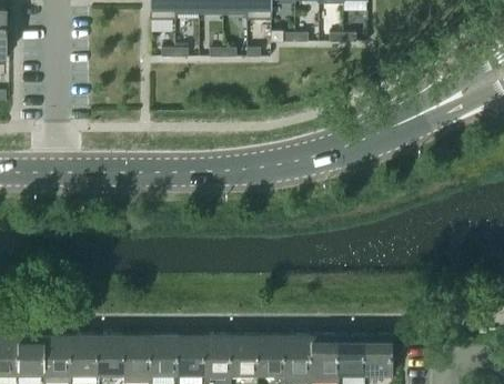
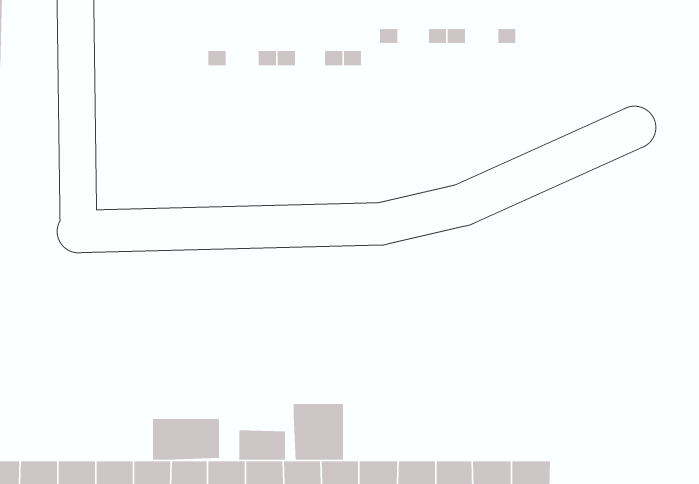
building: none -> [293,403,344,460]
building: none -> [152,418,220,460]
building: none -> [239,430,286,460]

